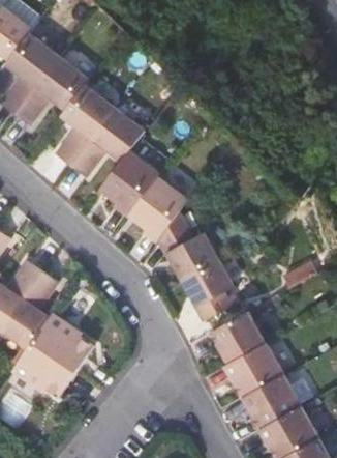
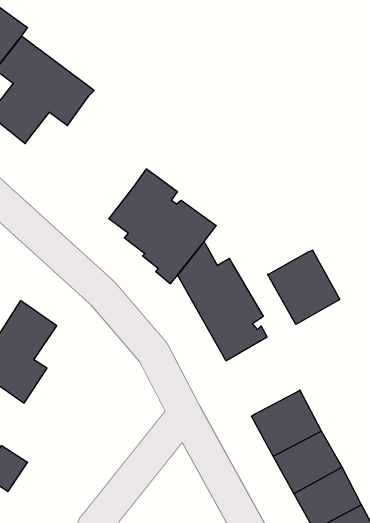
building: [57,86,146,178] -> none
building: none -> [268,250,340,324]
building: [211,309,264,360] -> none
building: [13,316,93,400] -> none

